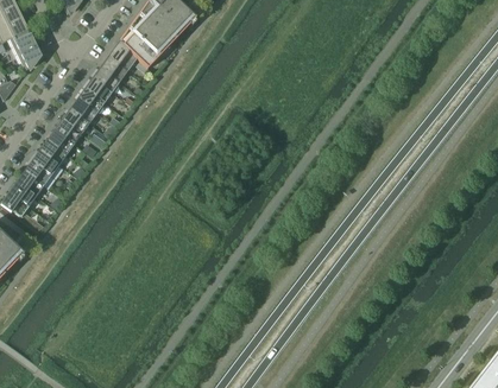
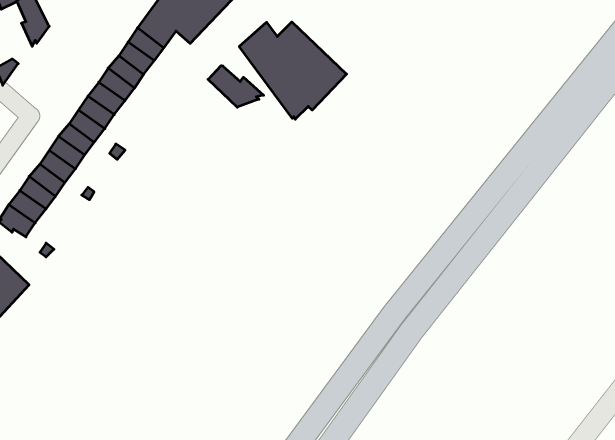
building: none -> [239,22,347,119]
building: none -> [208,66,264,107]

